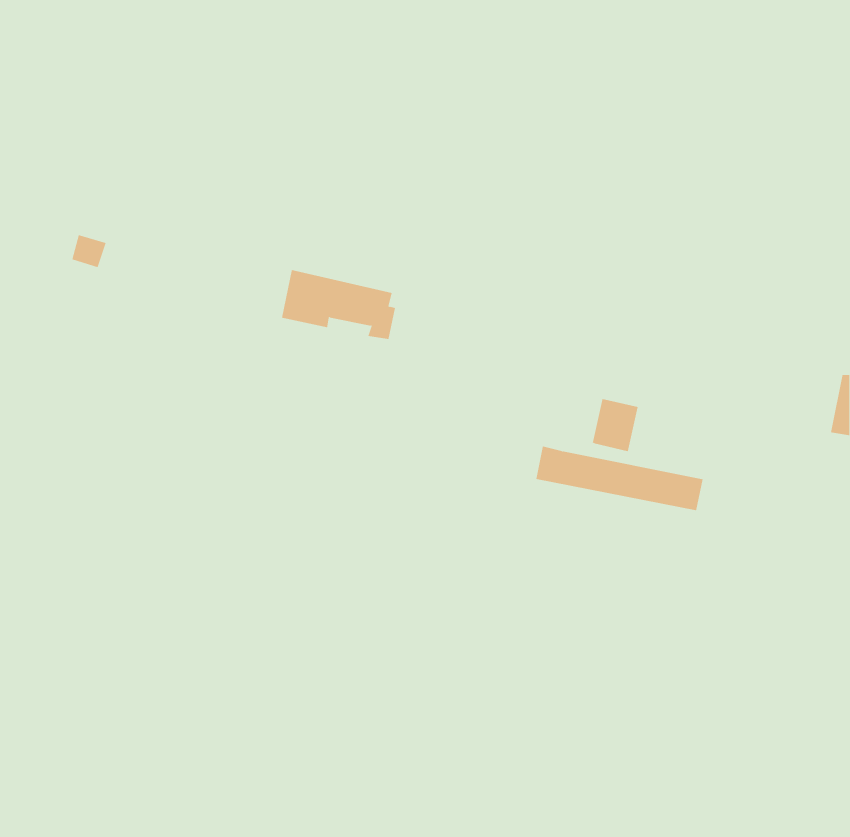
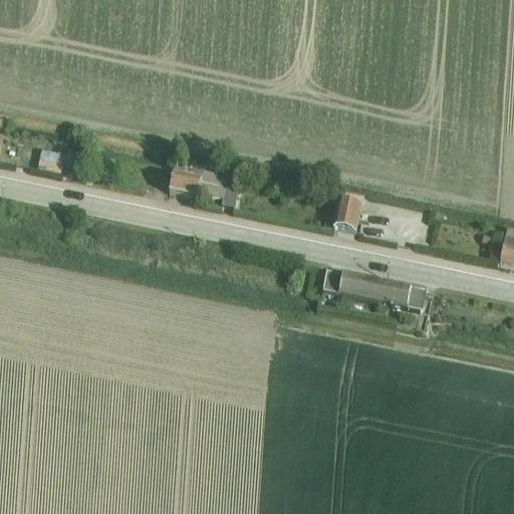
building: [592,399,639,452] -> [333,199,361,231]

